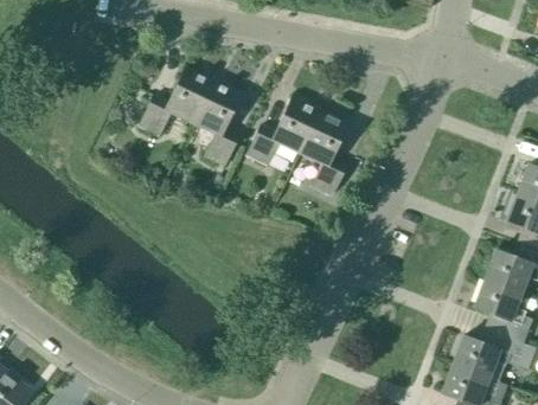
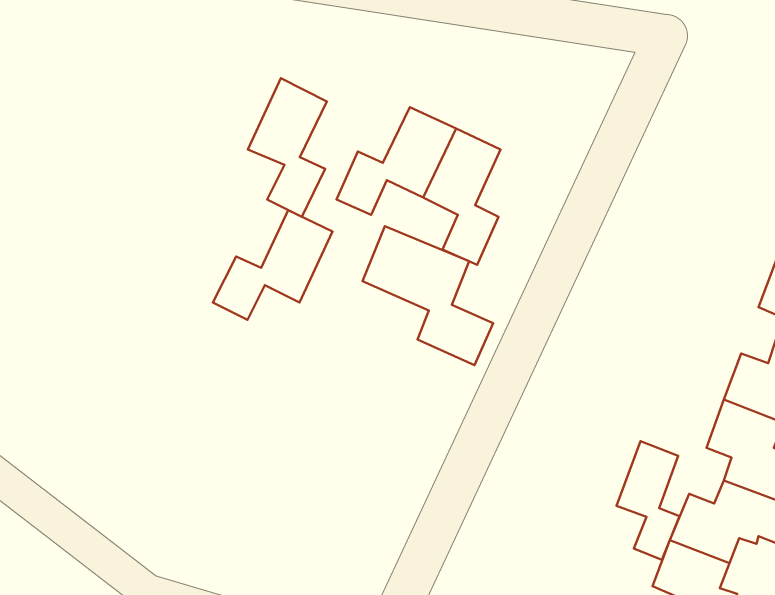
building: [140,66,213,134] -> [213,210,332,320]
building: none -> [362,226,493,365]
building: none -> [616,441,680,560]

